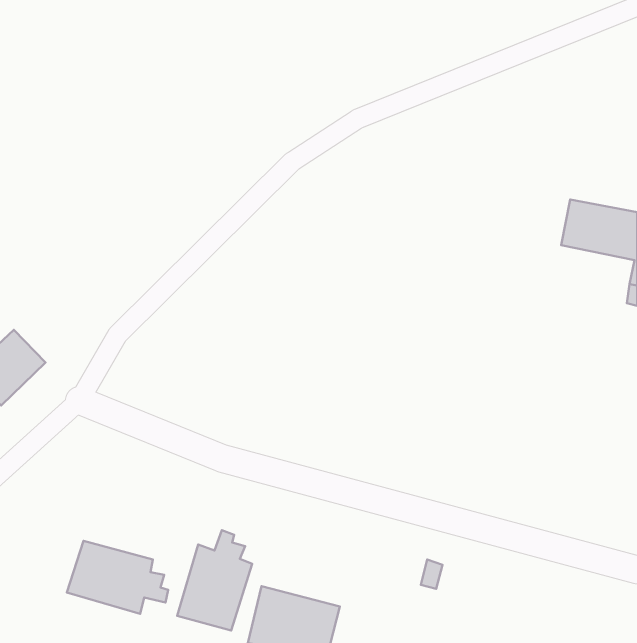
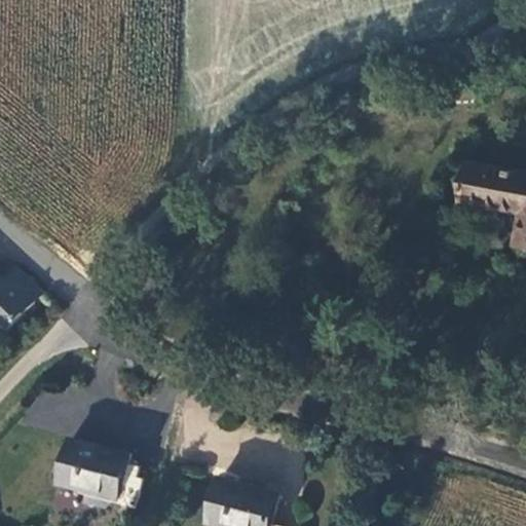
building: [177,530,252,630] -> none

